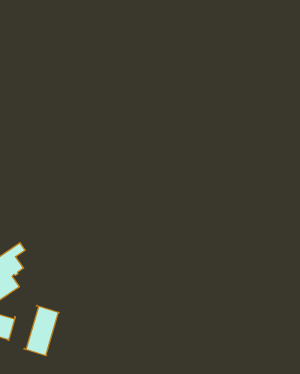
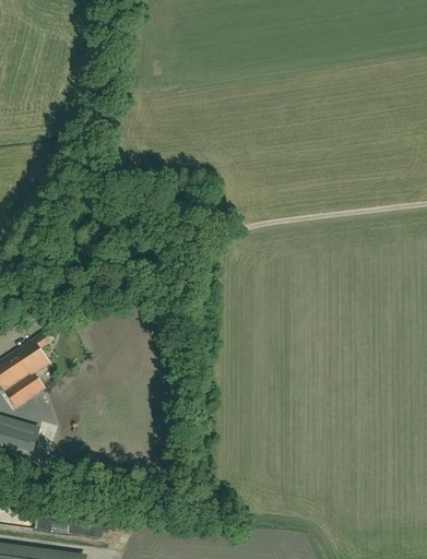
building: [24,305,59,356] -> none

